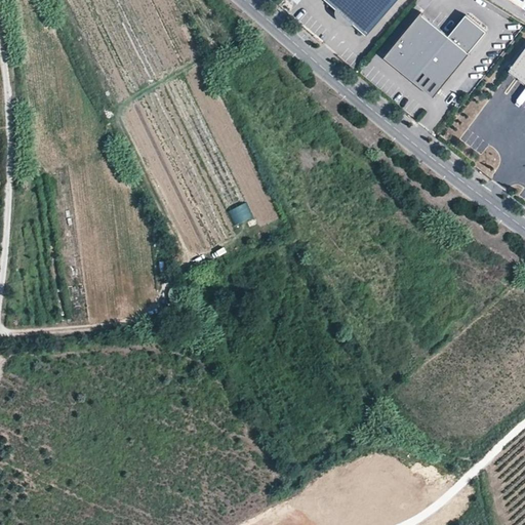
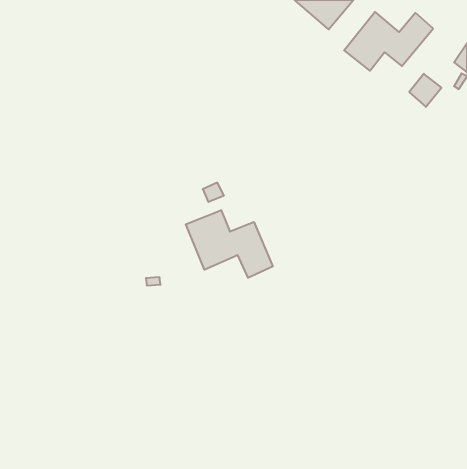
building: [413,58,449,95] -> [409,74,441,107]
building: none -> [186,210,273,278]

